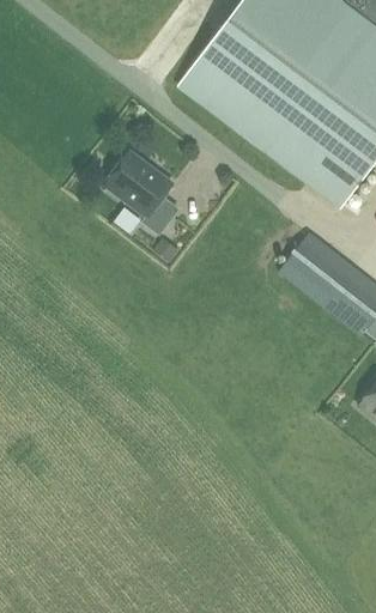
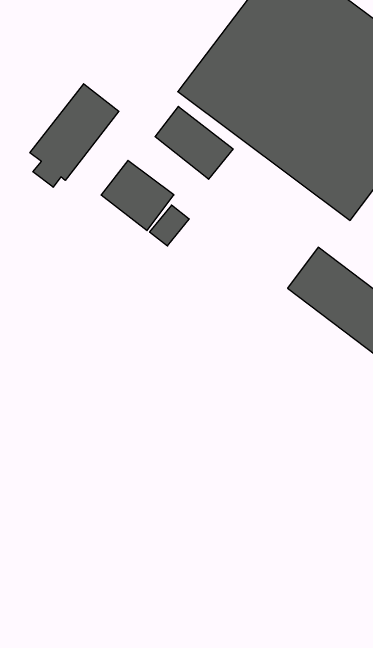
building: none -> [30,84,119,187]
building: none -> [155,106,233,179]

